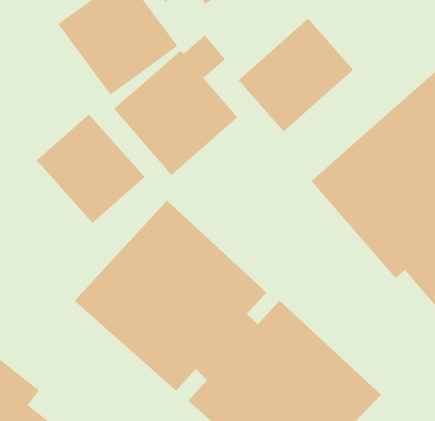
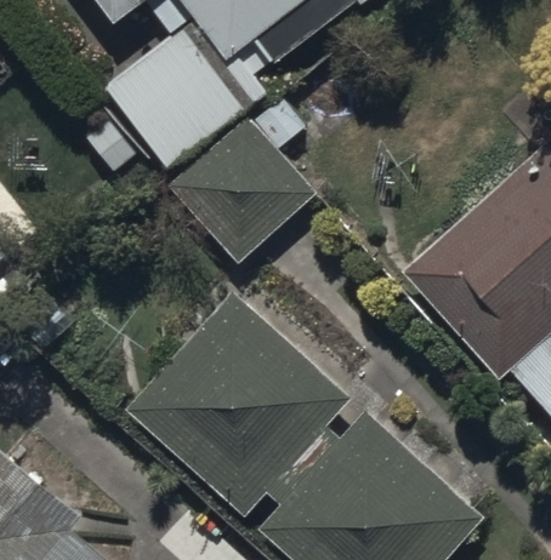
building: [238,18,354,132] -> none
building: [36,114,145,224] -> none

